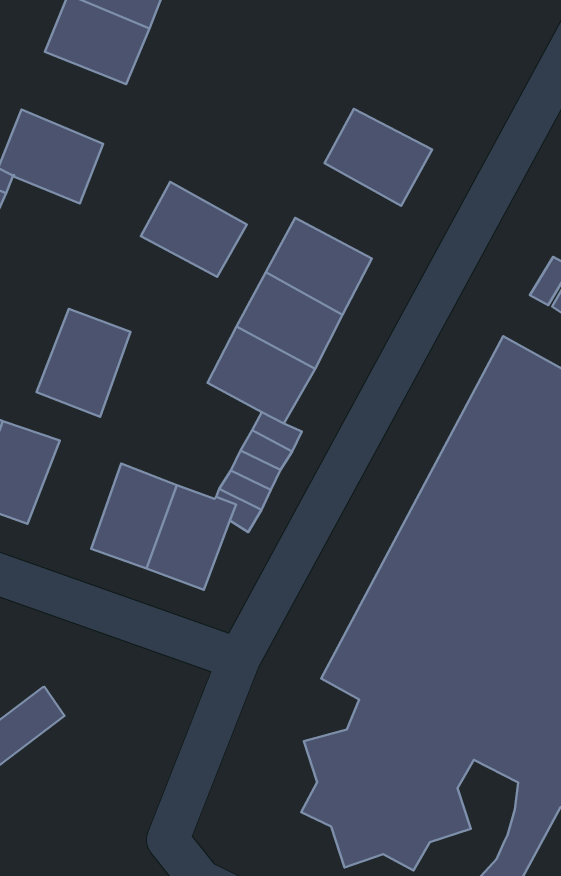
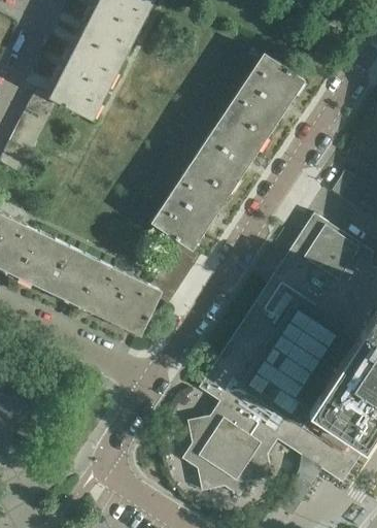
building: none -> [66,36,124,89]
building: none -> [245,54,304,108]
building: [141,182,247,277] -> [208,110,266,164]
building: [37,309,130,417] -> [48,246,102,306]

